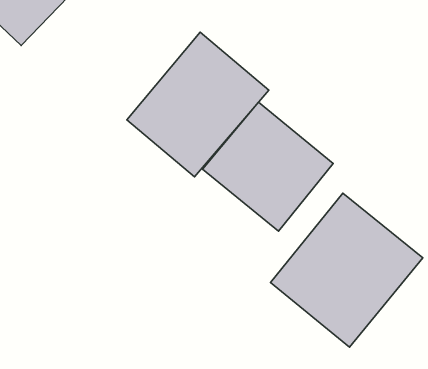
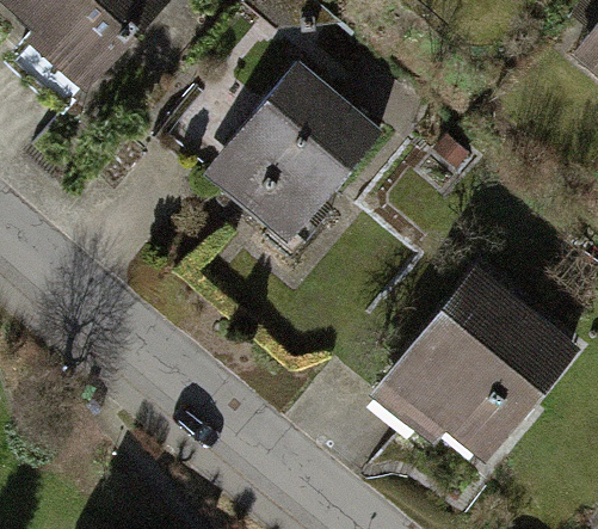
building: [203,102,333,231] -> none

